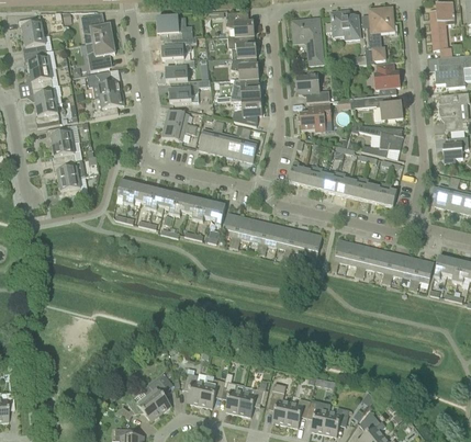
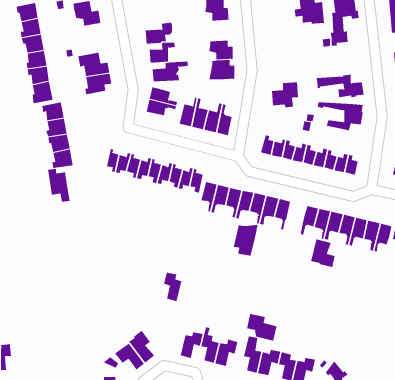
building: [156,18,192,39] -> none
building: [291,18,324,65] -> none
building: [227,35,256,58] -> none
building: [87,38,114,70] -> none
building: [372,64,400,95] -> none
building: [296,72,329,102] -> none
building: [232,100,261,126] -> none
building: none -> [48,168,70,203]
building: none -> [233,224,258,256]
building: none -> [310,238,335,268]
building: none -> [246,313,277,342]
building: [183,372,204,405] -> [163,272,182,302]

